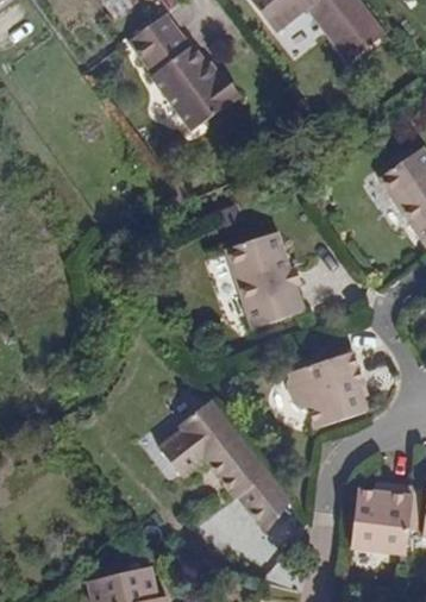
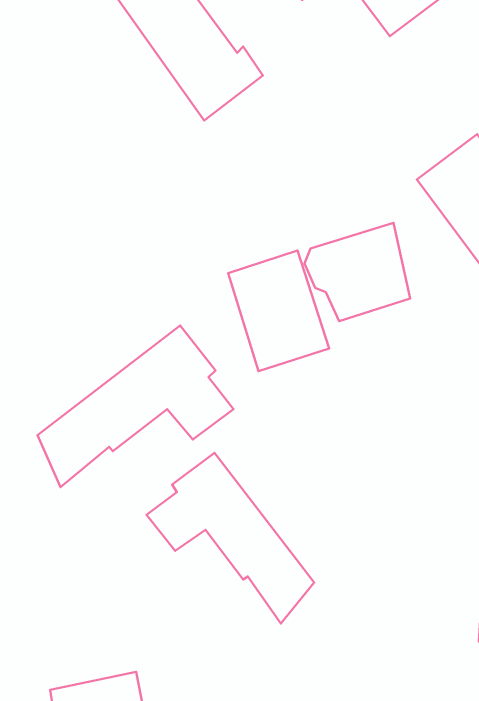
building: none -> [37,326,234,487]
building: [282,351,365,428] -> [305,223,410,321]
building: [346,483,409,554] -> none

